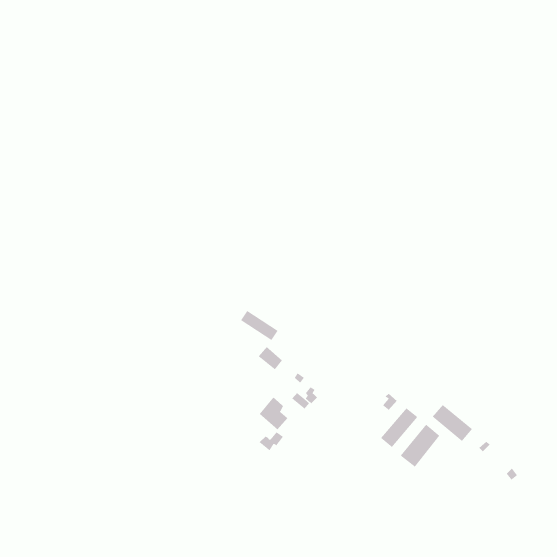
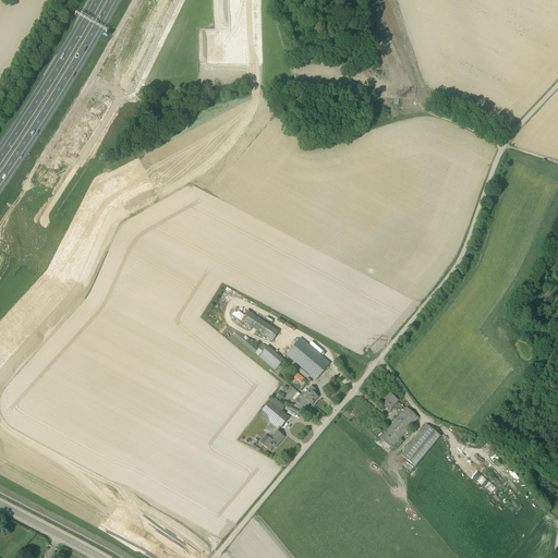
building: none -> [286,337,329,379]
building: [432,404,473,442] -> none

